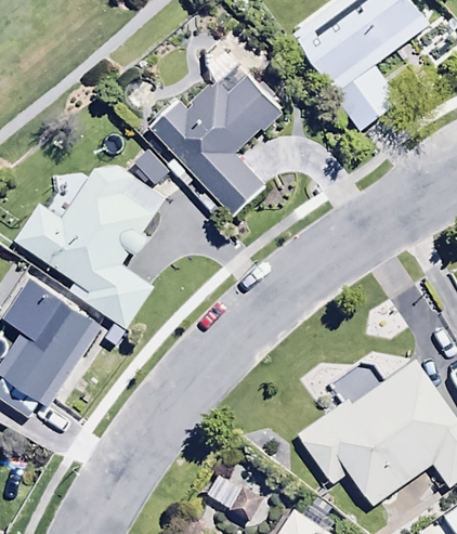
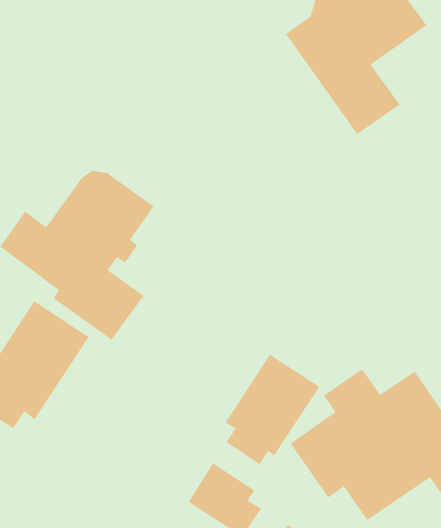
building: [148,75,279,217] -> none
building: none -> [225,354,320,465]

